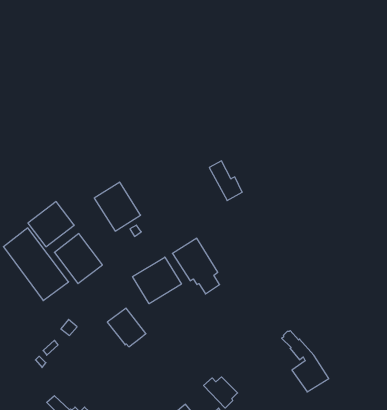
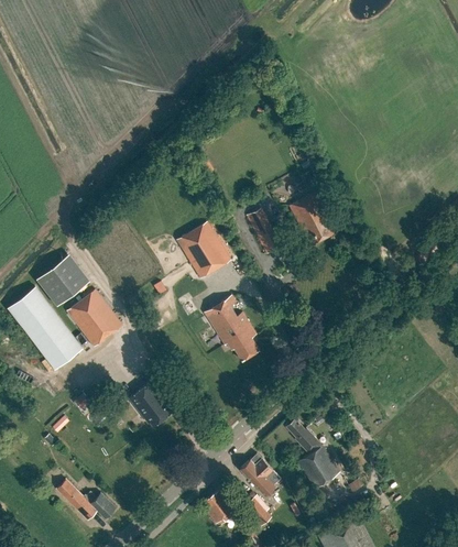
building: none -> [288,195,336,248]
building: [94,182,141,231] -> [176,223,230,281]
building: [133,257,181,304] -> none
building: [282,331,329,392] -> [285,417,340,489]

